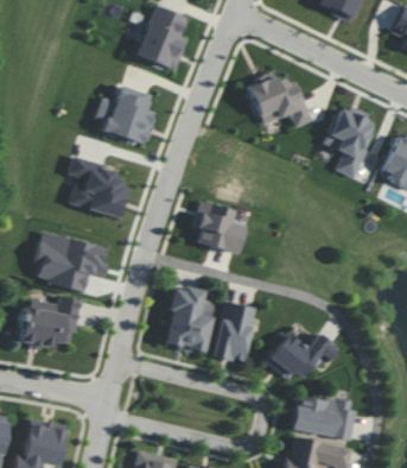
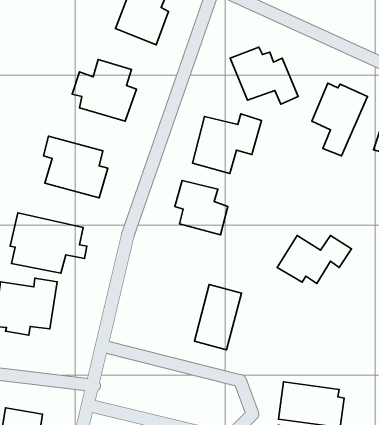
building: none -> [192,114,261,173]
building: [165,285,214,352] -> none
building: [267,333,338,379] -> [277,235,351,284]

